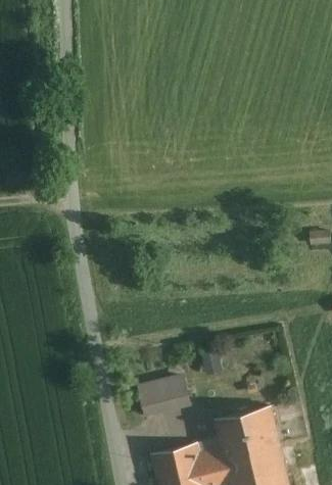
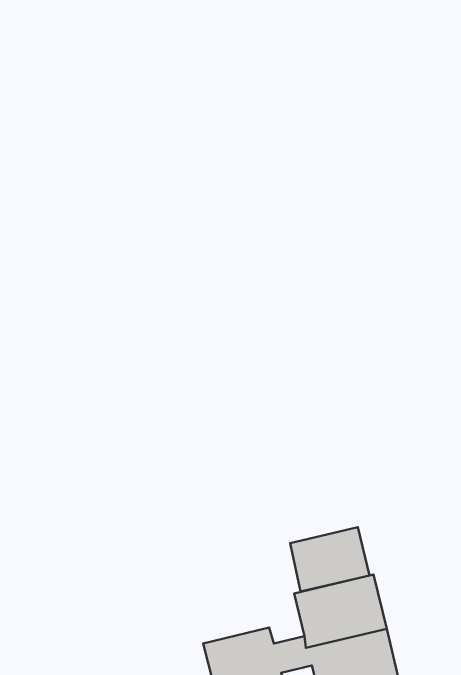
building: [136,374,191,419] -> [290,527,369,592]

